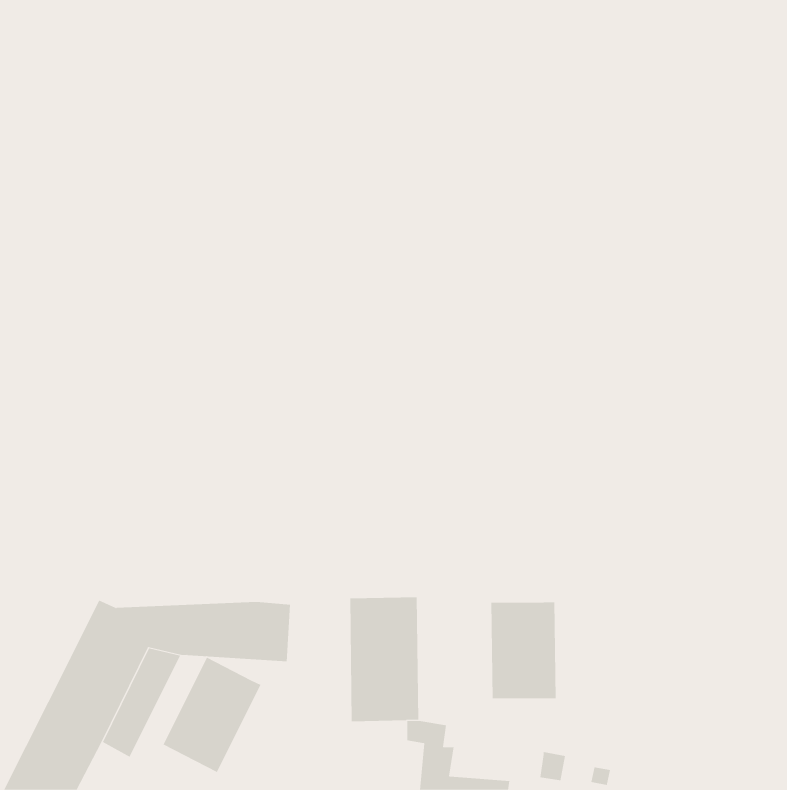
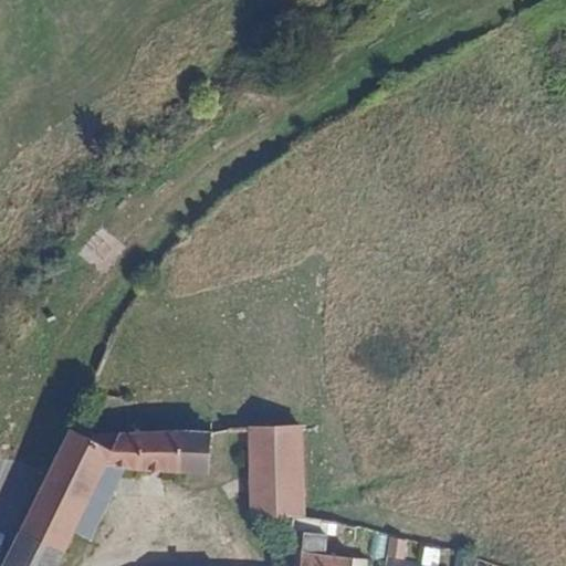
building: [491,602,556,699] -> none
building: [163,657,261,773] -> none

